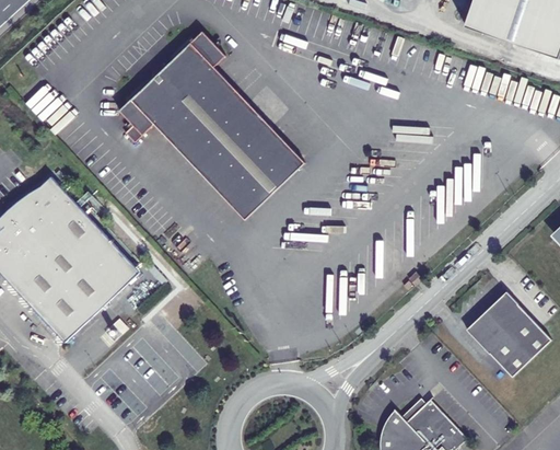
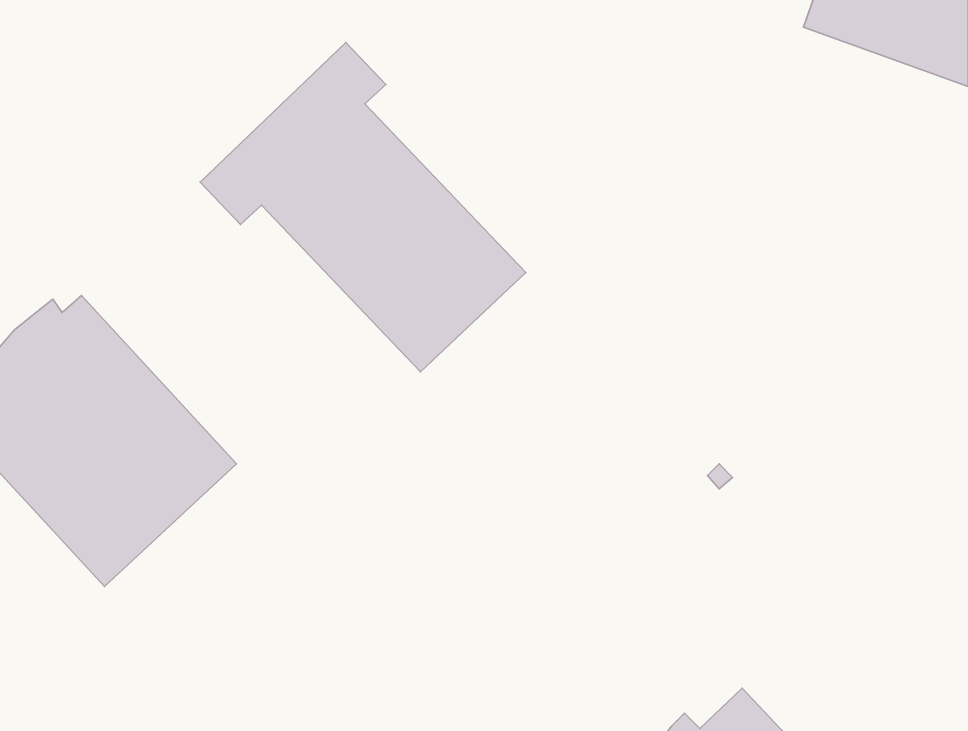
building: [467,292,551,378] -> none

